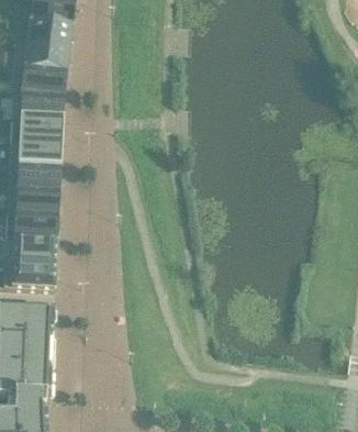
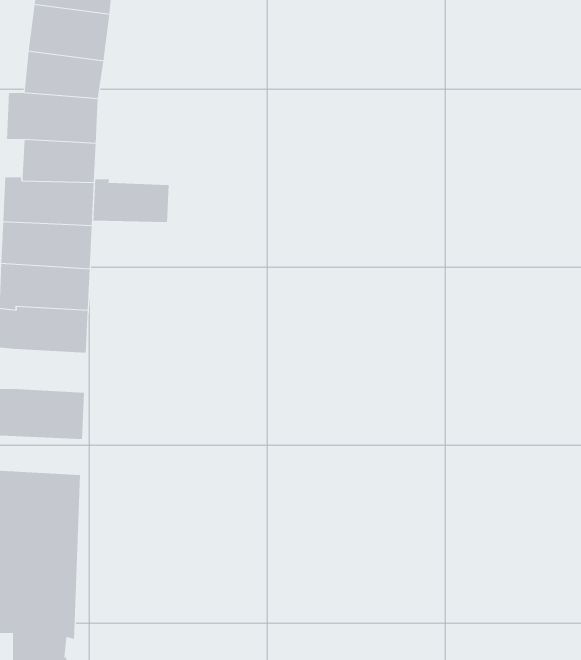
building: none -> [93,179,169,223]
building: [13,232,55,256] -> none

